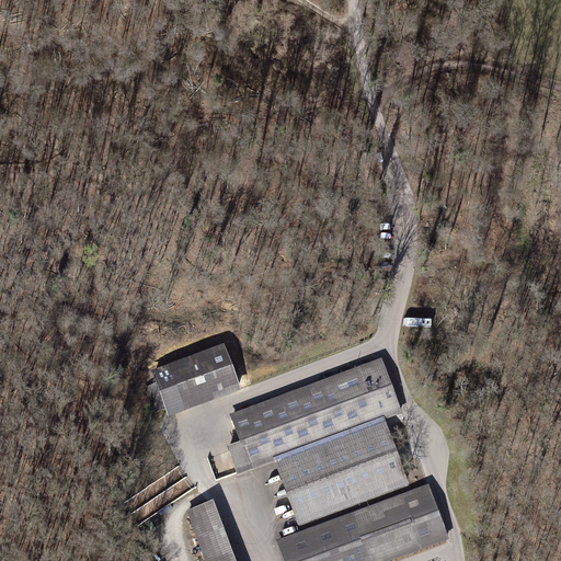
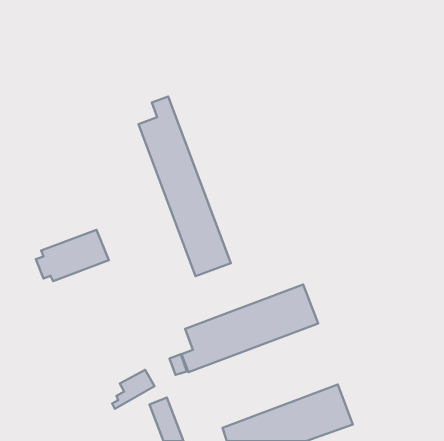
building: none -> [138,96,231,276]
building: [147,346,239,411] -> [36,230,109,281]
building: [278,424,407,519] -> none

